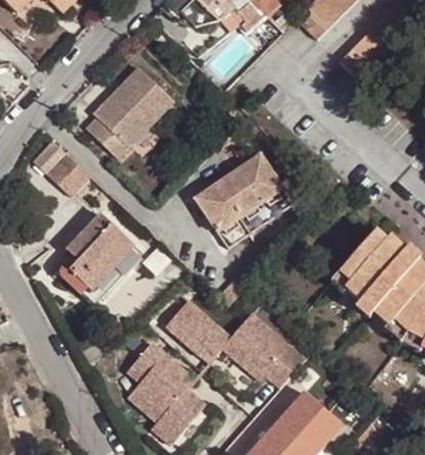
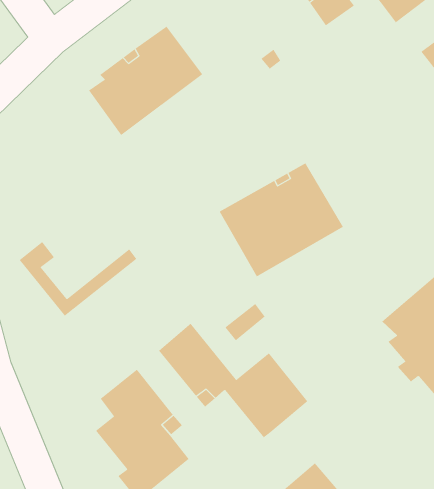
building: [36,143,88,195] -> none
building: [64,213,132,291] -> none
building: [263,344,305,387] -> none

